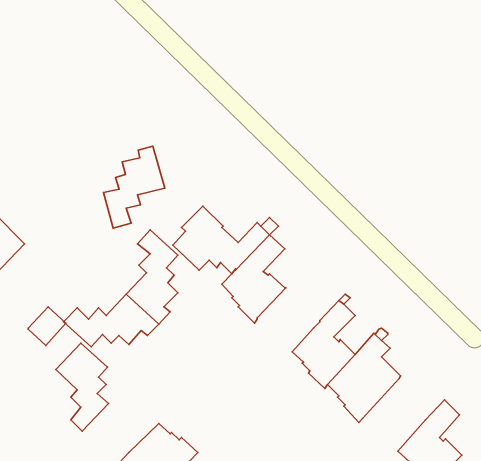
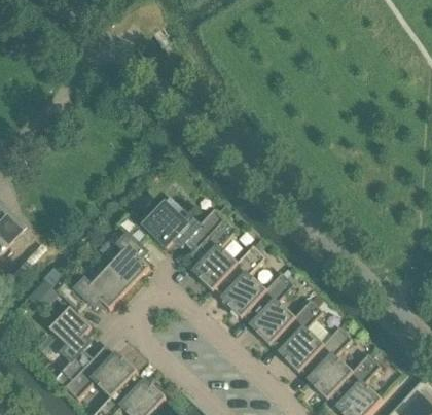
building: [103,146,165,228] -> none
building: none -> [213,244,264,317]
building: none -> [299,326,351,399]
building: none -> [64,344,136,397]

